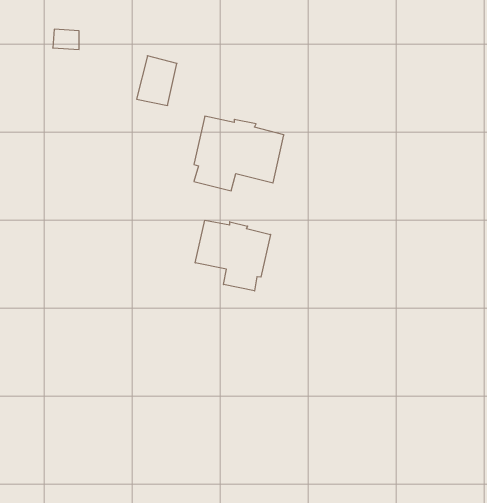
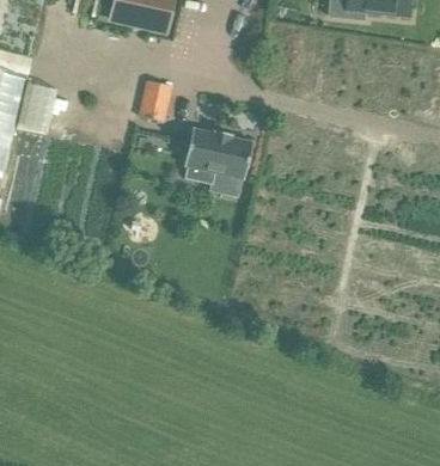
building: [195,220,271,291] -> none

